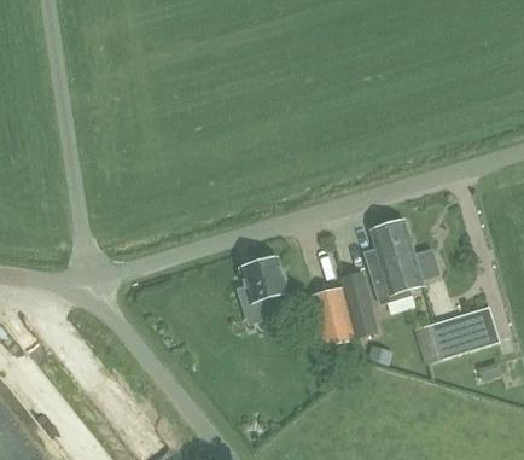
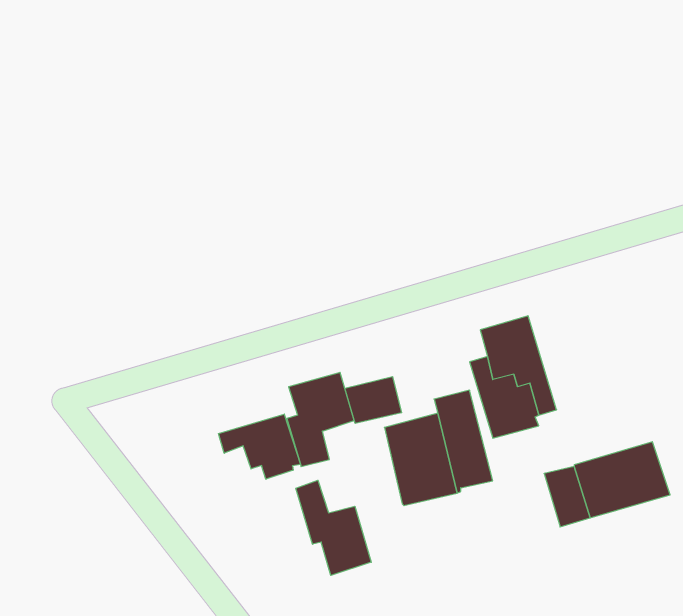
building: none -> [345,377,402,423]
building: none -> [218,414,300,479]
building: none -> [296,480,371,575]

